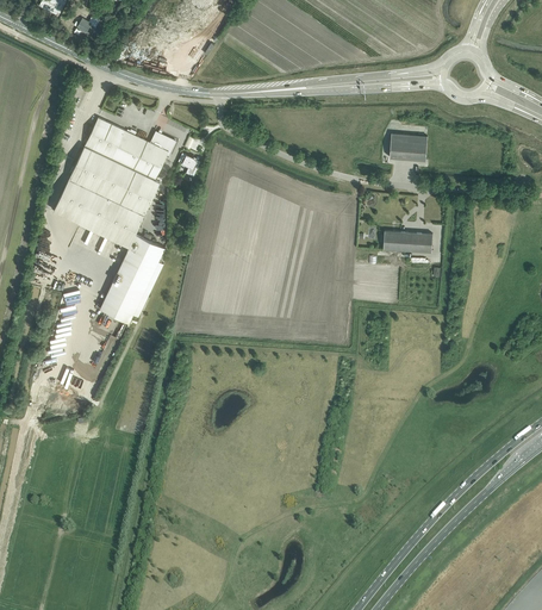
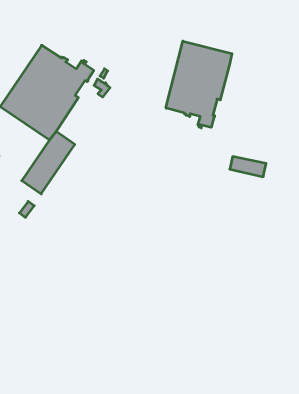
building: none -> [166,41,232,128]
building: [390,135,428,162] -> none

